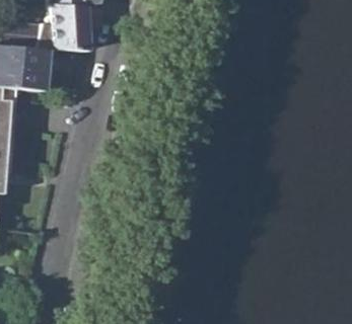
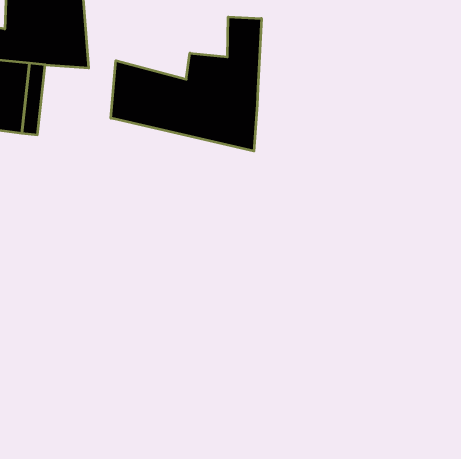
building: none -> [111,17,261,151]

